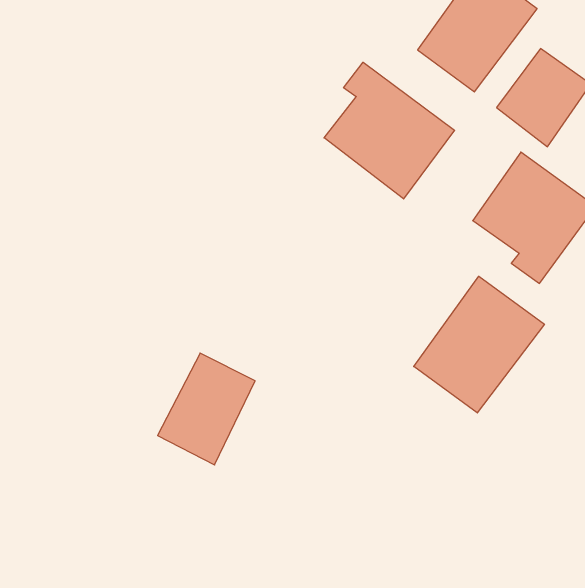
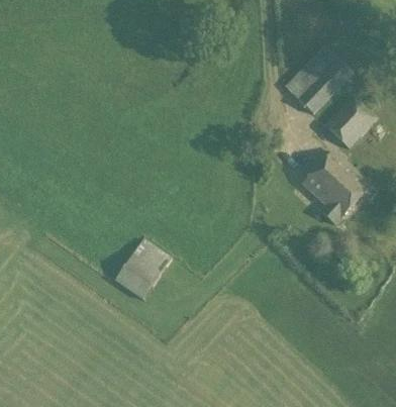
building: [324,62,455,199] -> none
building: [414,276,544,413] -> none

